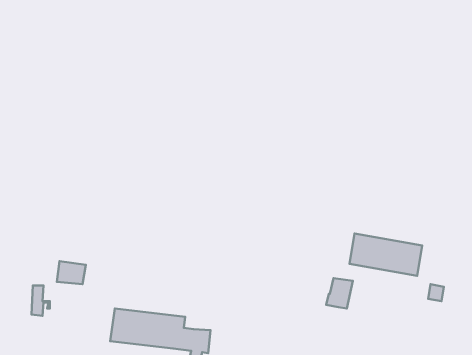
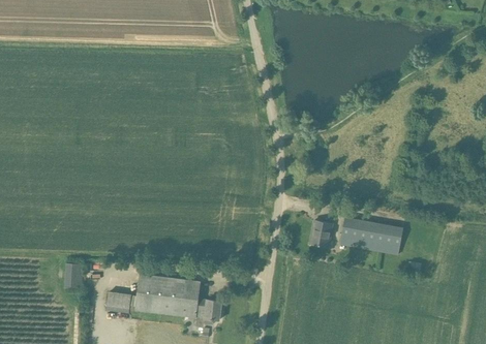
building: [57,261,86,284] -> [105,291,130,311]
building: [326,278,353,309] -> [309,220,332,246]

